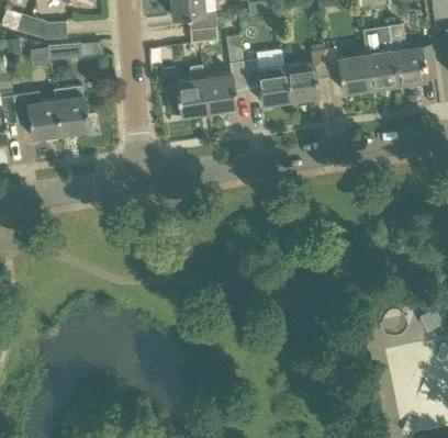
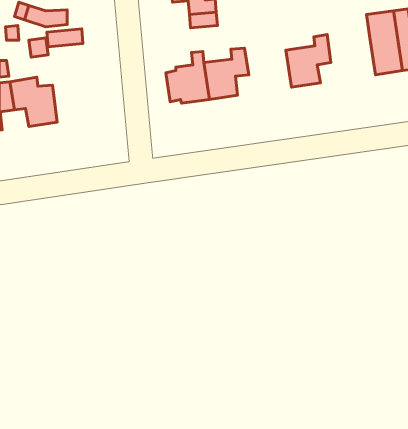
building: [325,47,372,92] -> none
building: [244,59,290,103] -> none
building: [56,86,88,134] -> none

